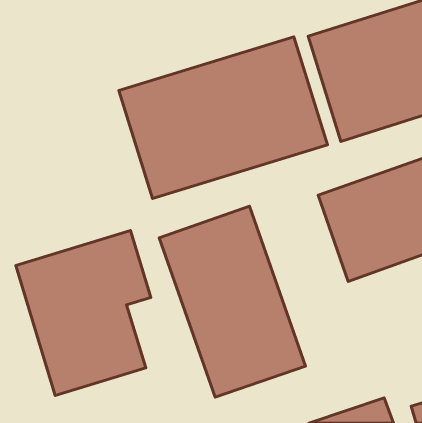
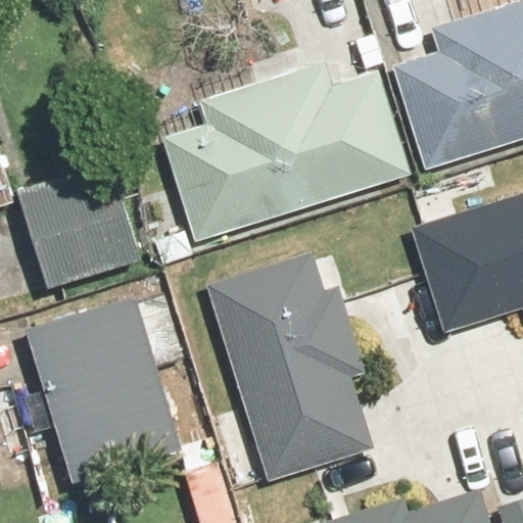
building: none -> [17,160,143,292]

